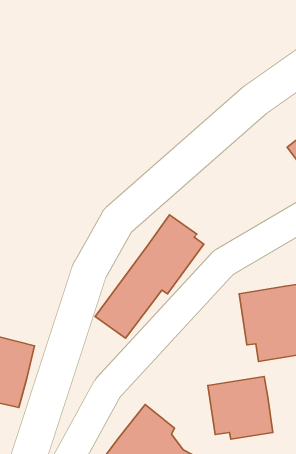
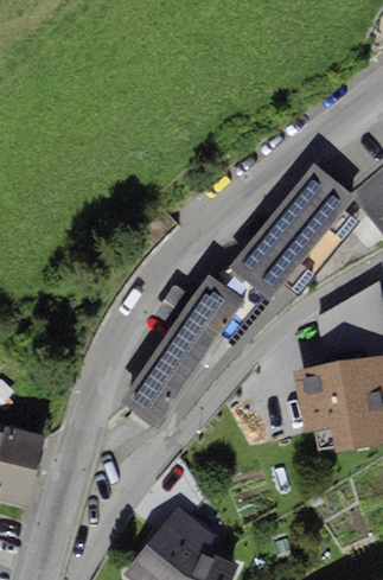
building: none -> [226,162,356,298]
building: [208,377,273,439] -> none

